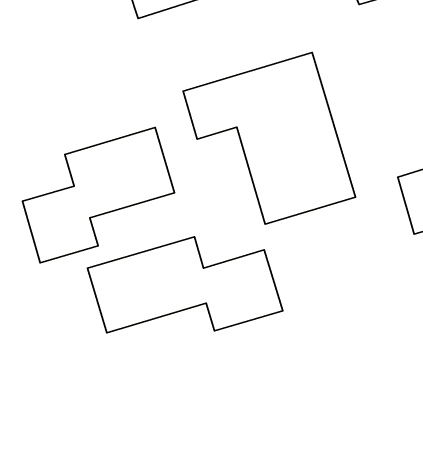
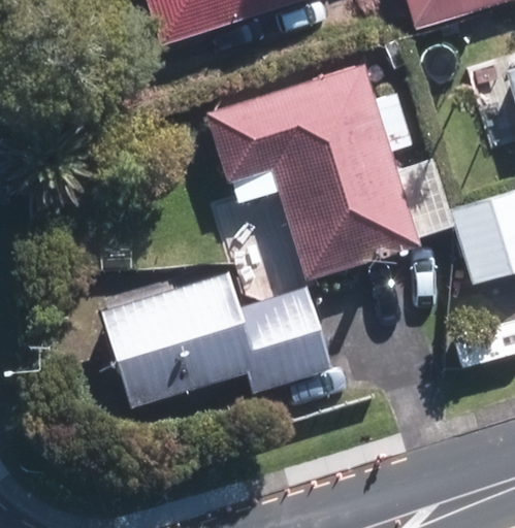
building: [22,127,174,263] -> none

